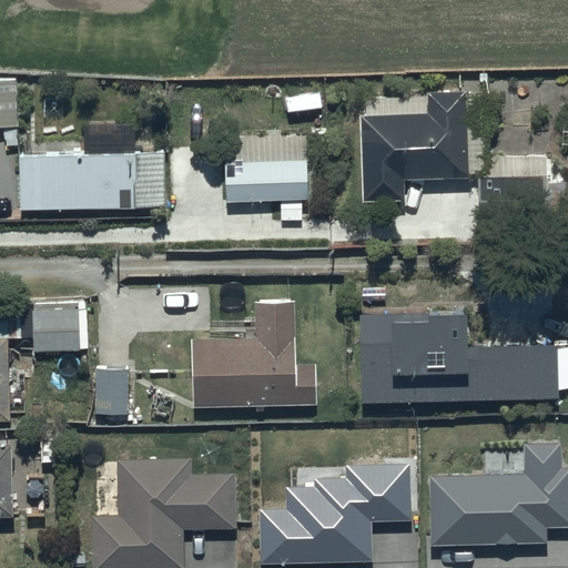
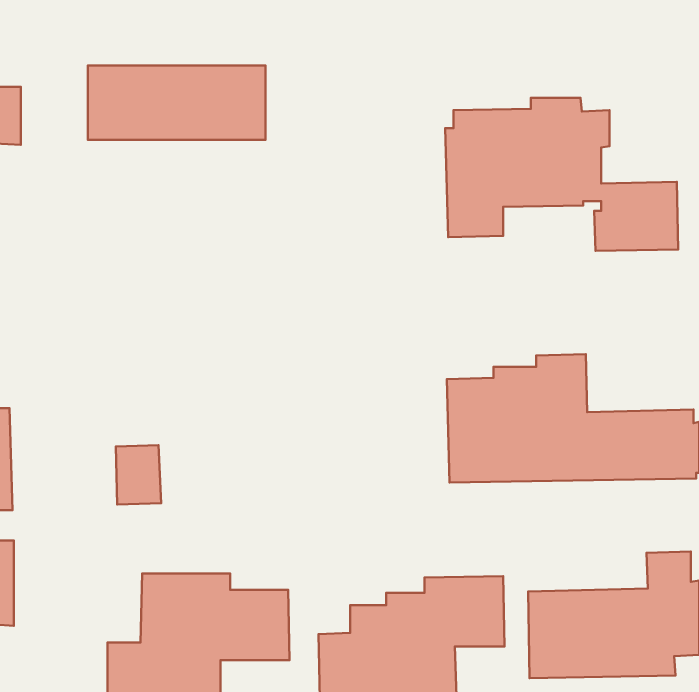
building: [223,135,308,201] -> none
building: [20,151,163,211] -> [88,65,266,140]
building: [192,298,317,407] -> none
building: [30,302,87,352] -> none

